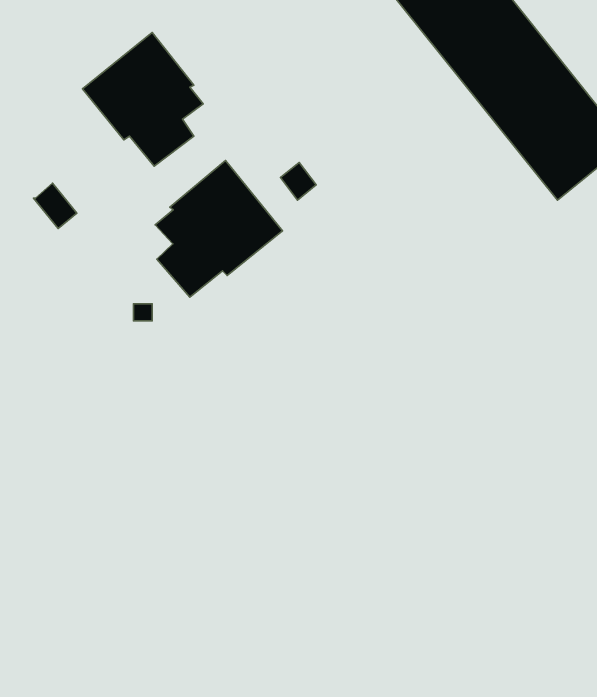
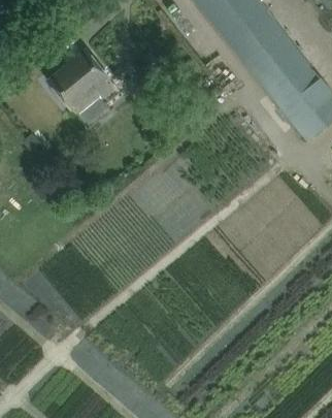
building: [155,161,283,297] -> none

